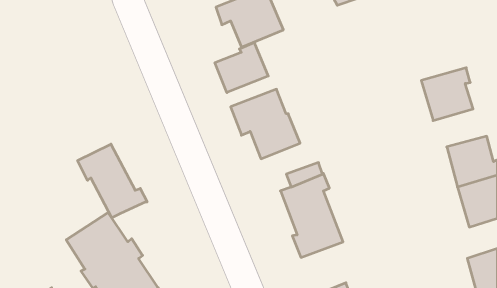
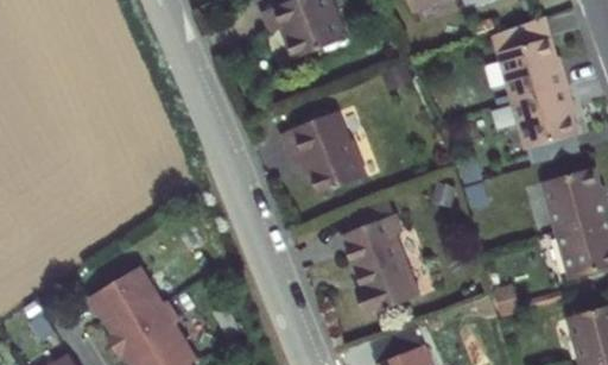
building: none -> [495,19,569,101]
building: [215,43,268,93] -> none
building: [78,144,147,218] -> none

